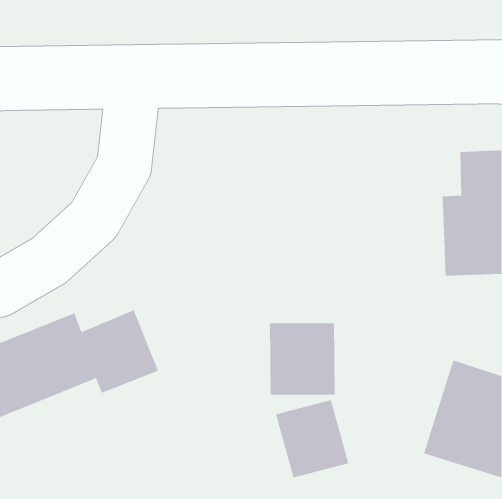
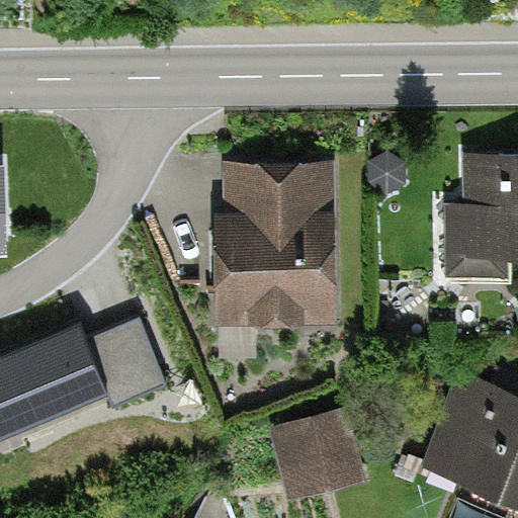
building: none -> [221,172,328,318]
building: [270,322,335,396] -> none

